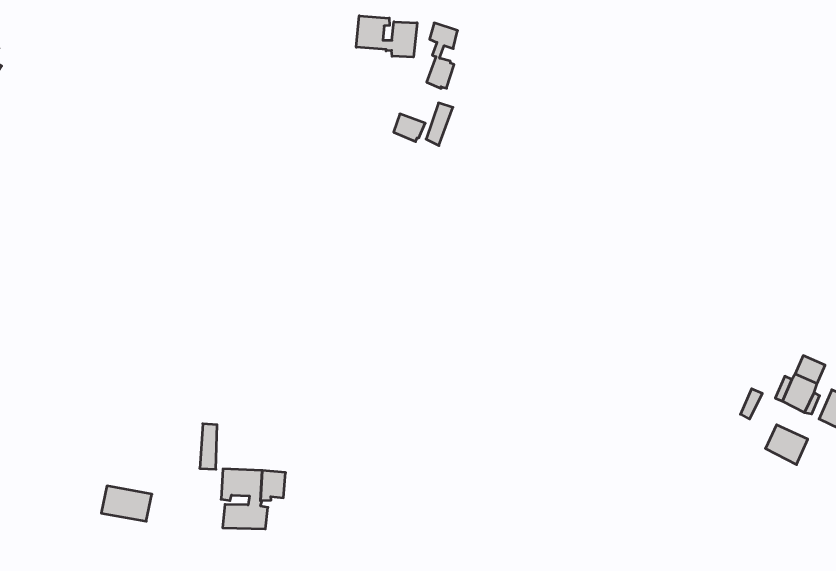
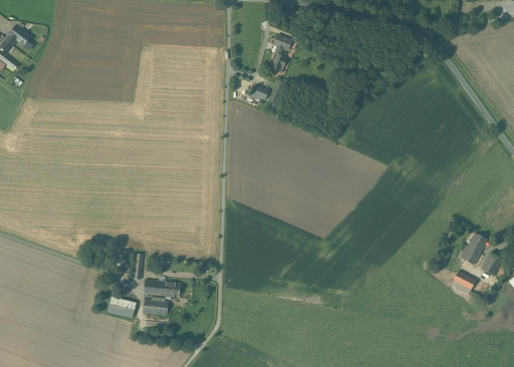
building: [356,16,417,57] -> none
building: [101,486,152,521] -> [107,296,137,317]

